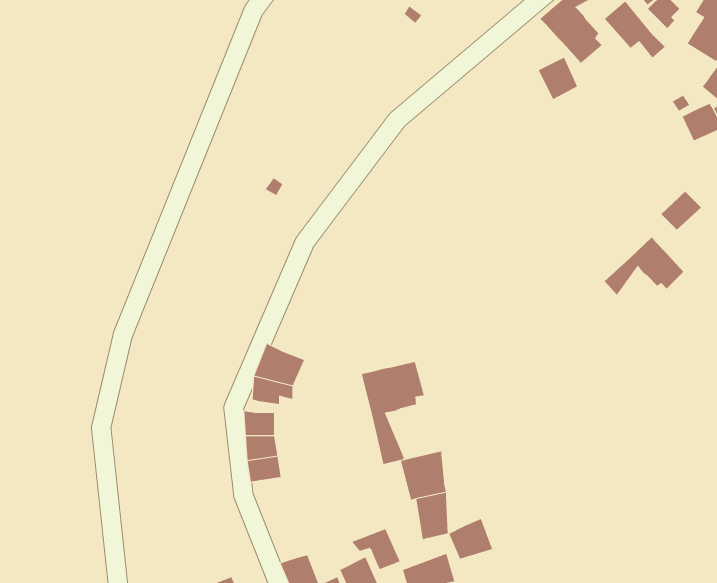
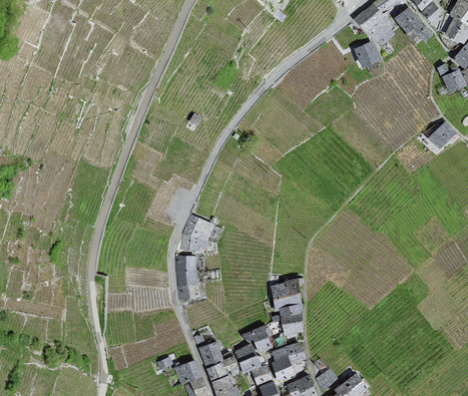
building: [604,236,684,295] -> none
building: [361,361,424,465] -> none
building: [449,518,493,560] -> none

